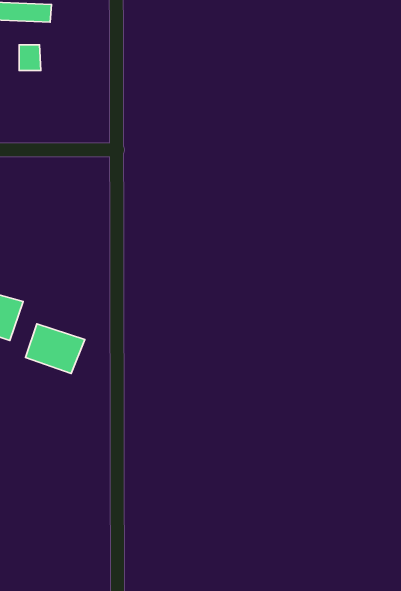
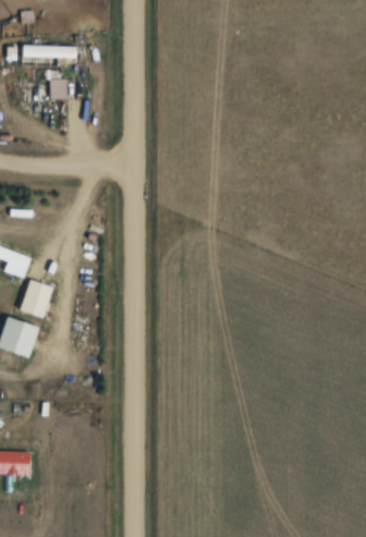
building: [26,324,85,373] -> none

